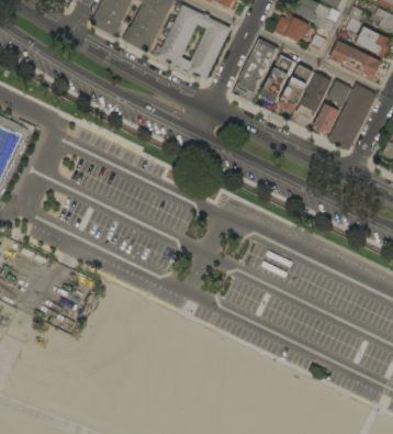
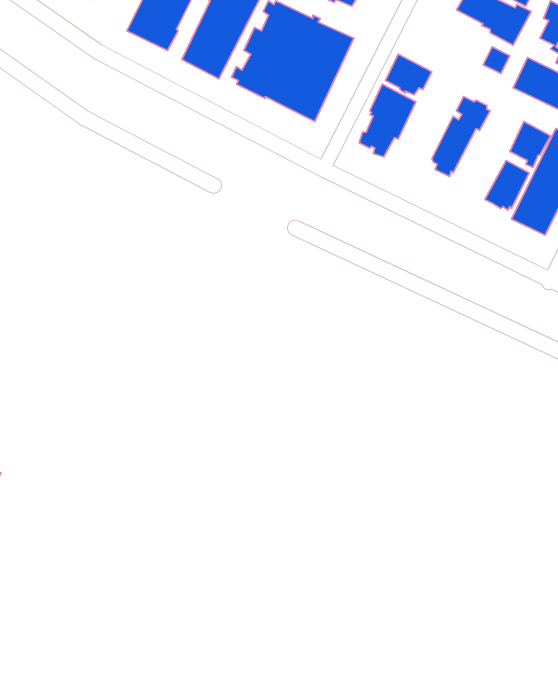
building: [273,12,310,42] -> none
building: [260,54,296,102] -> none
building: [296,73,332,122] -> none

